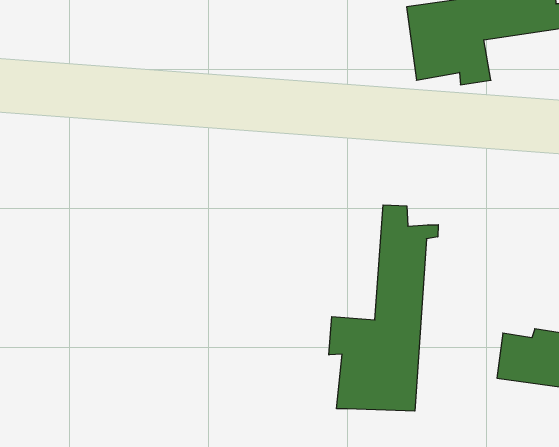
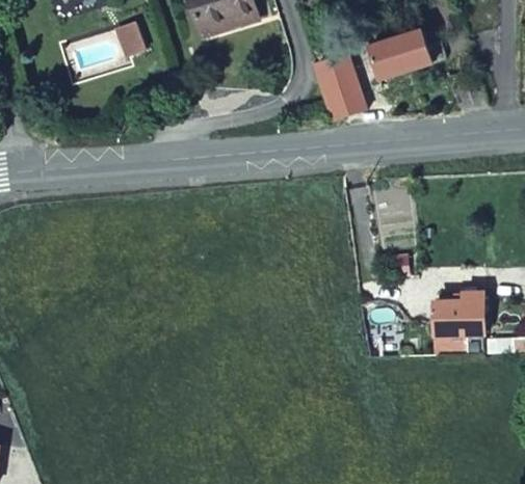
building: [329,205,438,411] -> none

